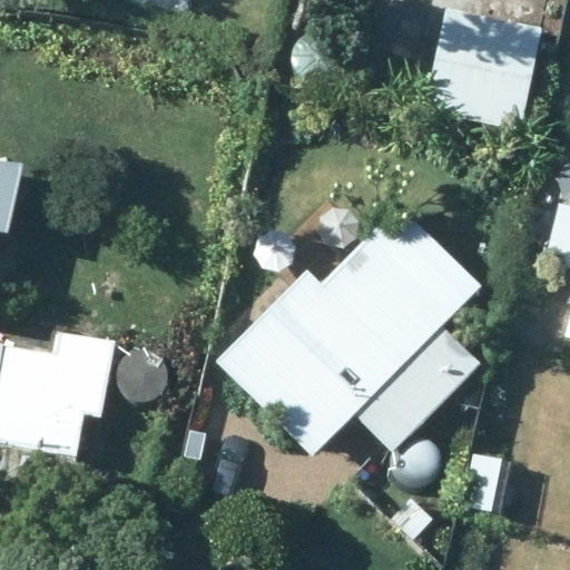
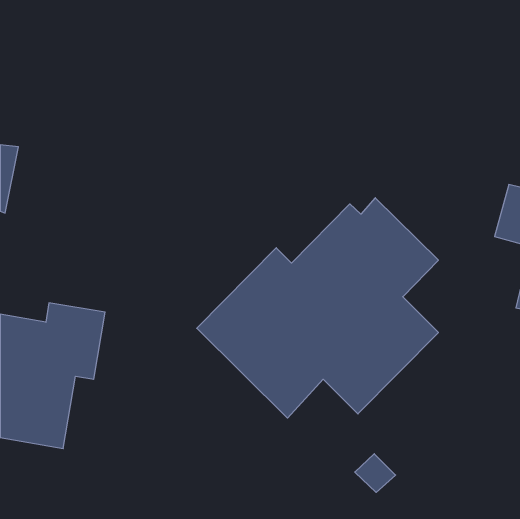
building: [426,7,540,127] -> none

